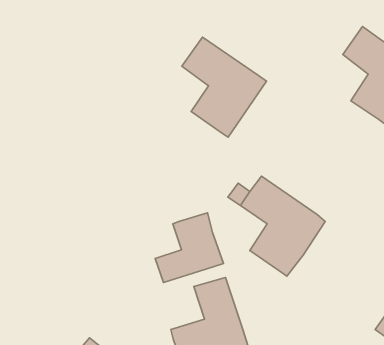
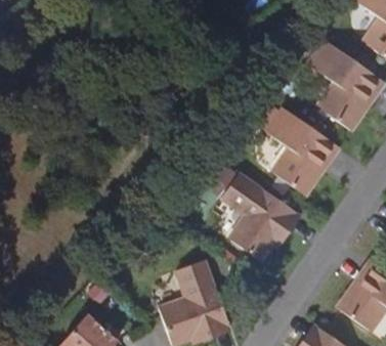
building: [182,37,267,137] -> [263,106,338,194]
building: [155,213,224,282] -> none

